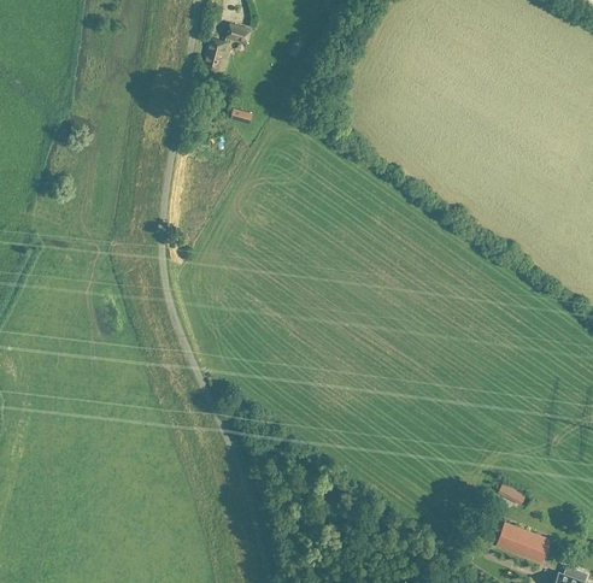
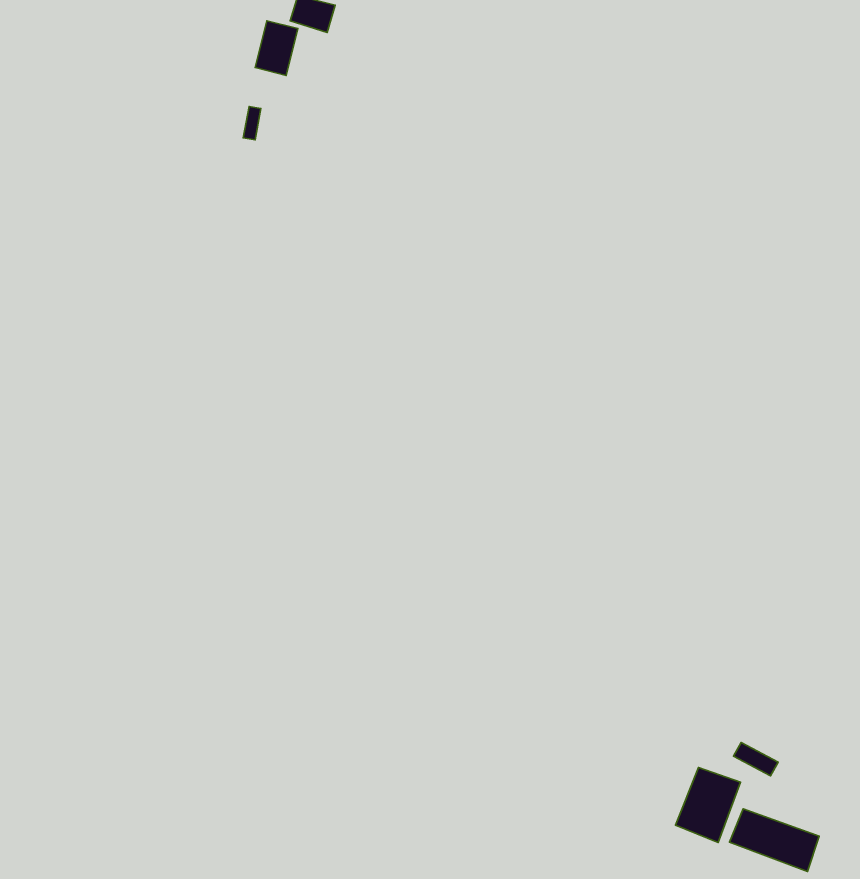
building: none -> [675,767,741,842]

